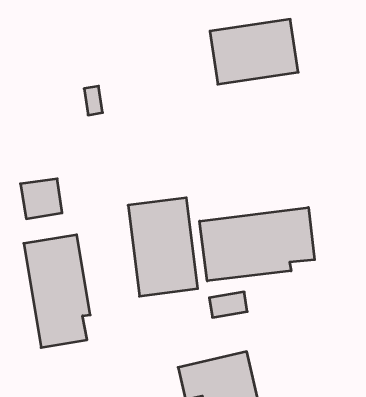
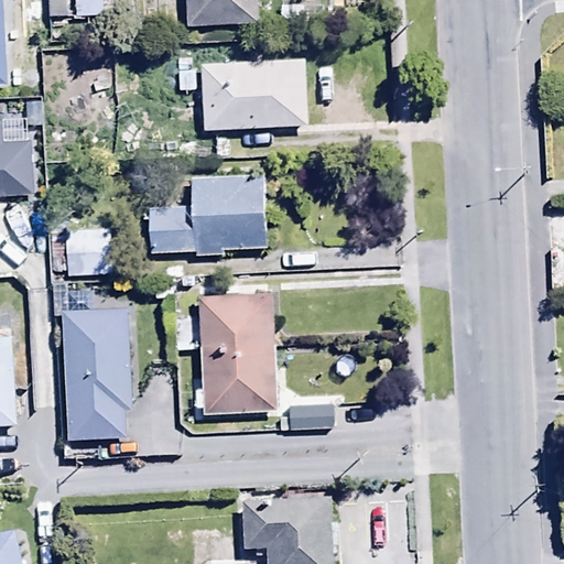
building: [210,19,298,84] -> [199,46,305,118]
building: none -> [149,184,267,264]
building: [200,207,315,281] -> none

